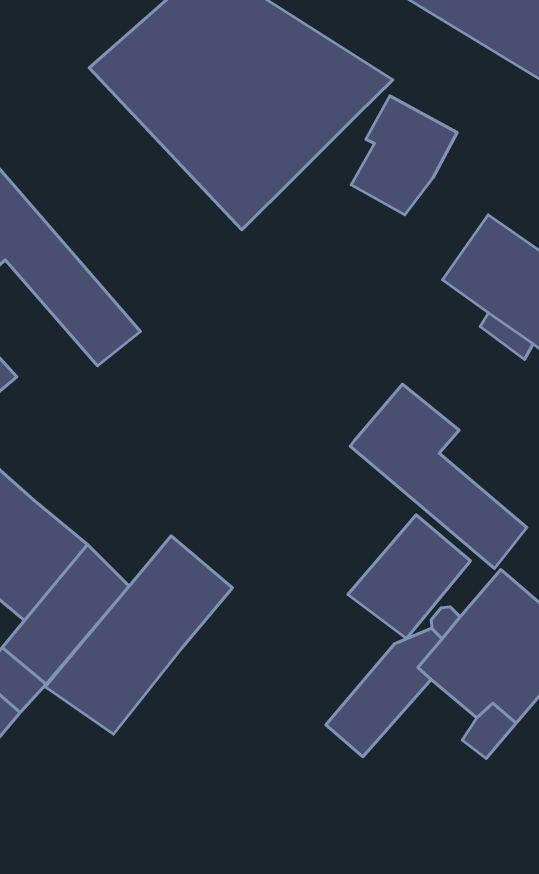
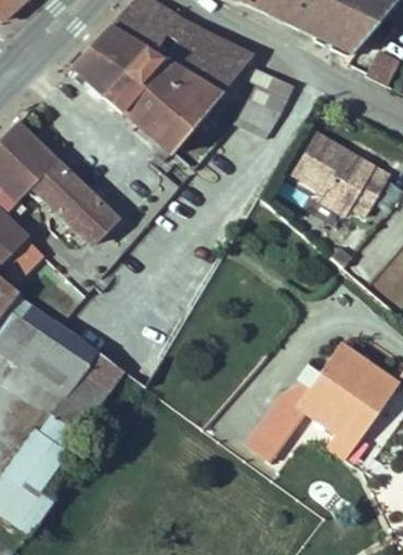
building: [350,384,527,569] -> none
building: [348,515,470,639] -> none
building: [45,536,233,734] -> none

